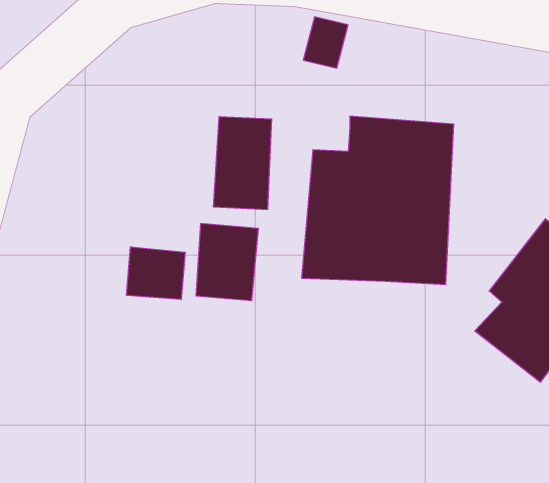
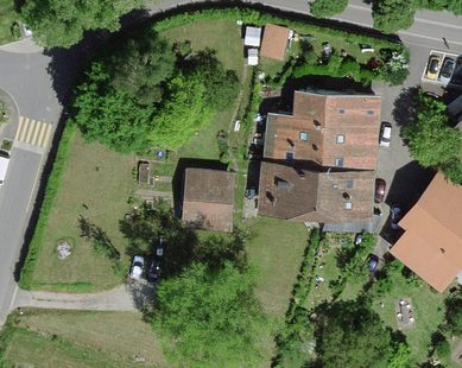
building: [214,116,272,210] -> none
building: [127,247,185,300] -> none

